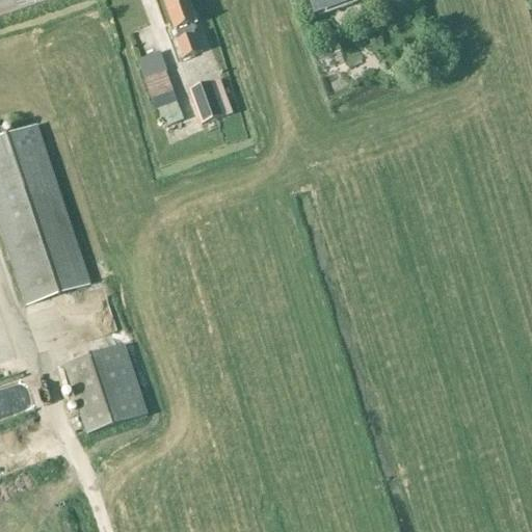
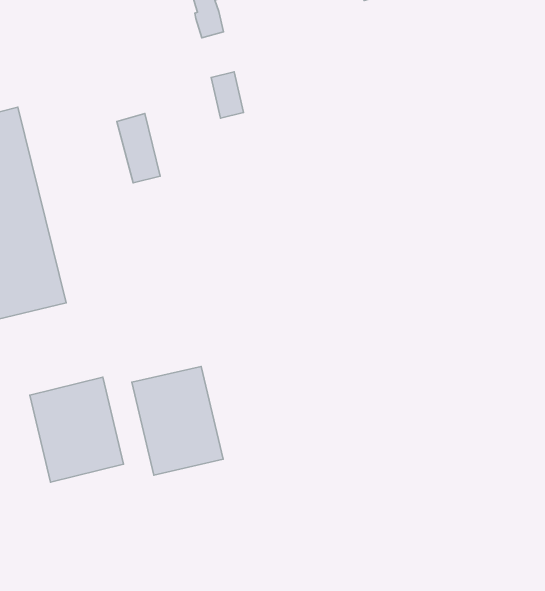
building: [138,49,178,107] -> [117,114,160,183]
building: none -> [132,367,223,475]

